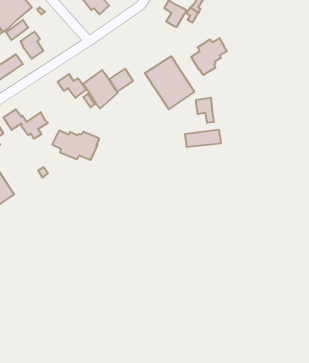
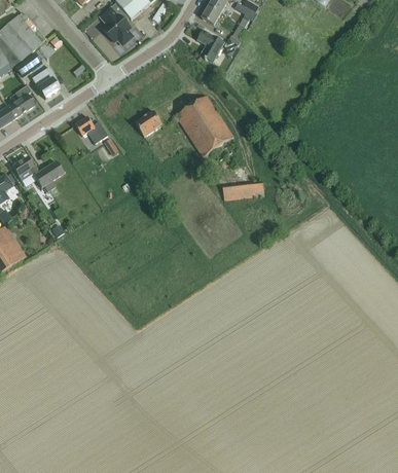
building: [191,38,227,75] -> none
building: [83,70,118,109] -> none
building: [196,97,214,123] -> none
building: [52,130,99,160] -> none

